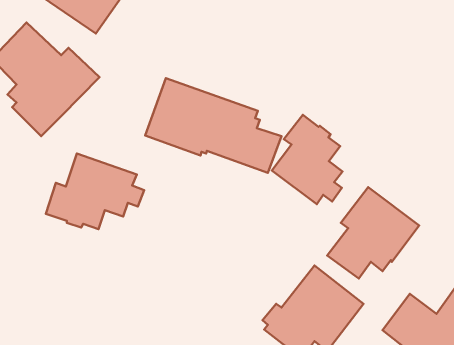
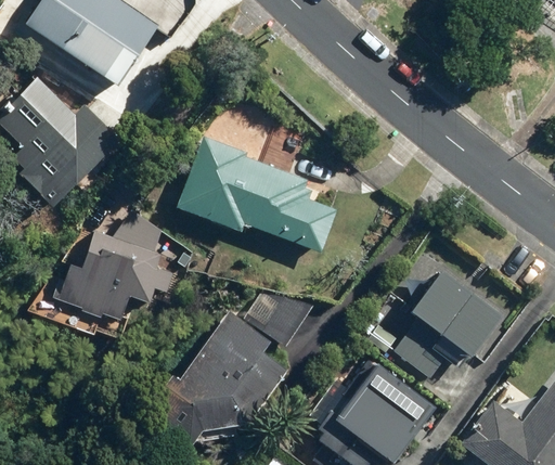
building: [272,115,342,204] -> none
building: none -> [166,284,318,426]

